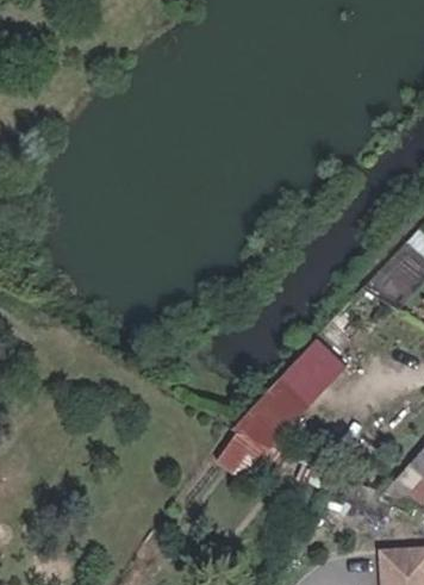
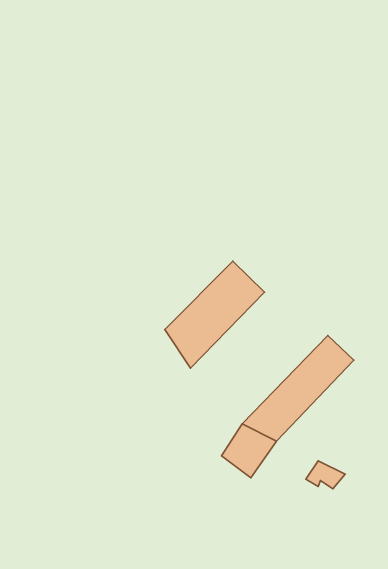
building: none -> [165,261,264,368]

